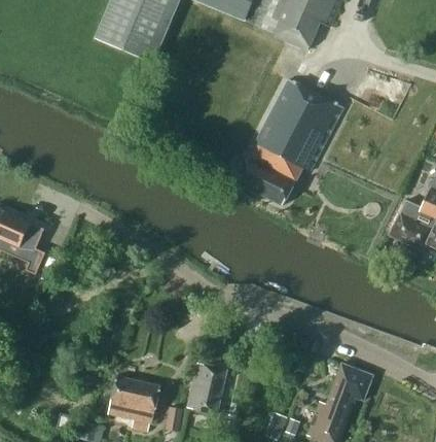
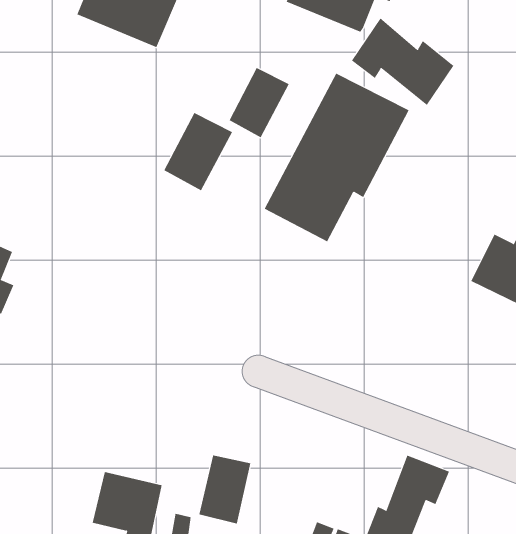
building: none -> [351,17,454,106]
building: none -> [229,67,290,138]
building: none -> [164,112,233,191]

